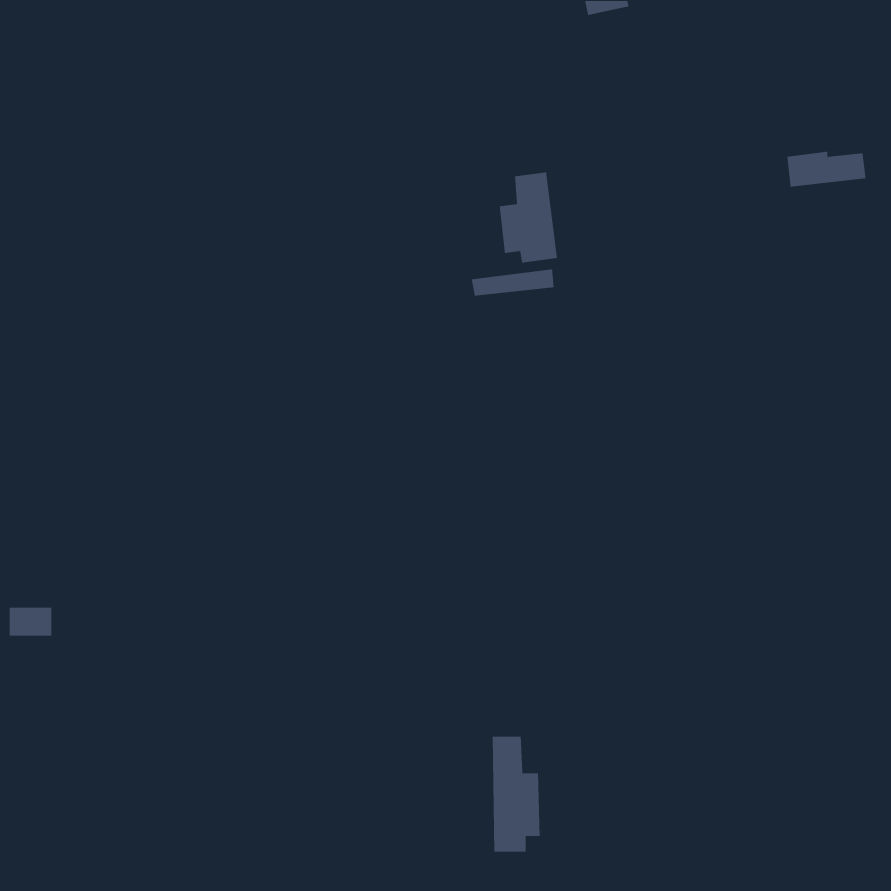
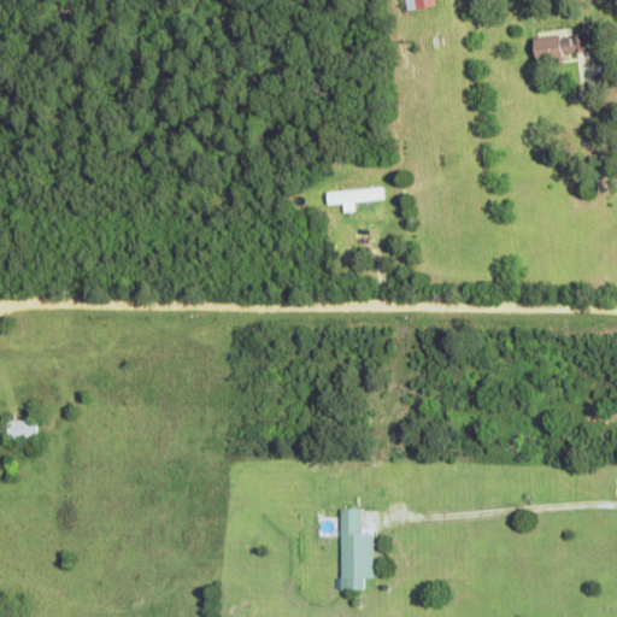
building: [786,151,867,187] -> [533,34,588,59]
building: [499,171,558,264] -> none

